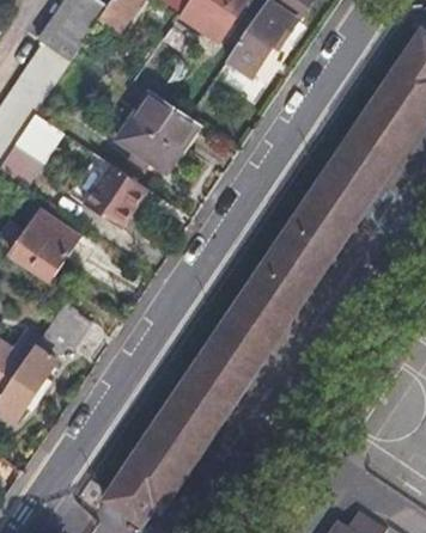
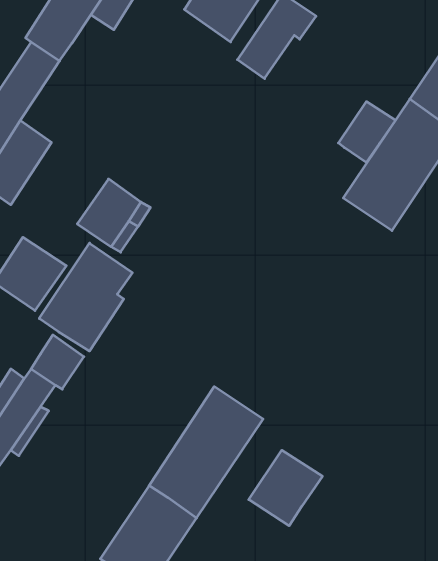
building: [117,92,199,173] -> none
building: none -> [338,102,396,162]
building: [206,182,363,376] -> none
building: none -> [39,243,132,351]
building: none -> [249,450,322,526]

